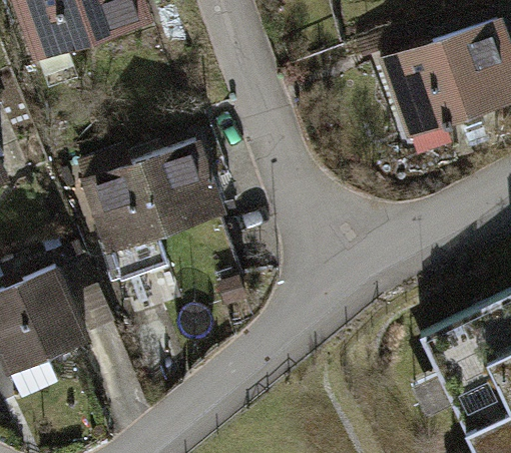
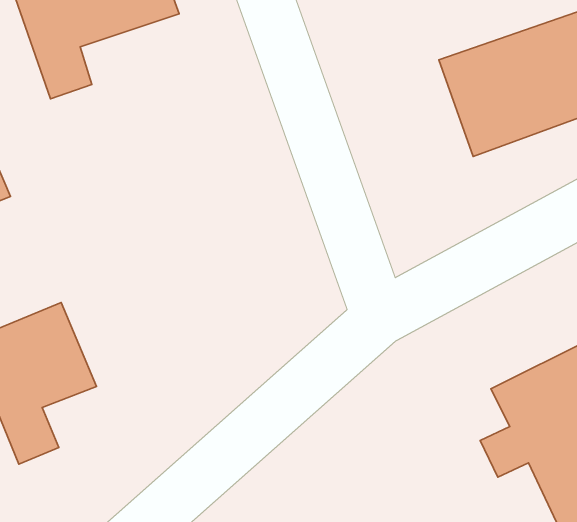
building: [85,141,215,249] -> none

